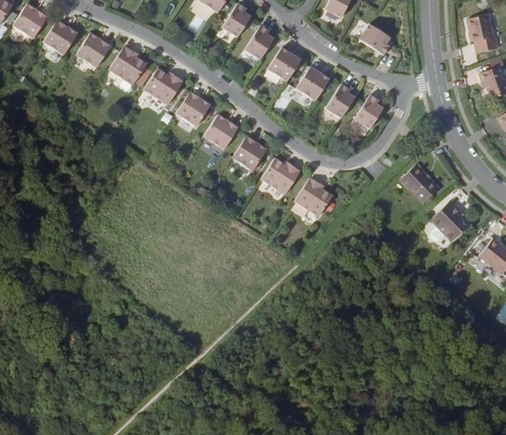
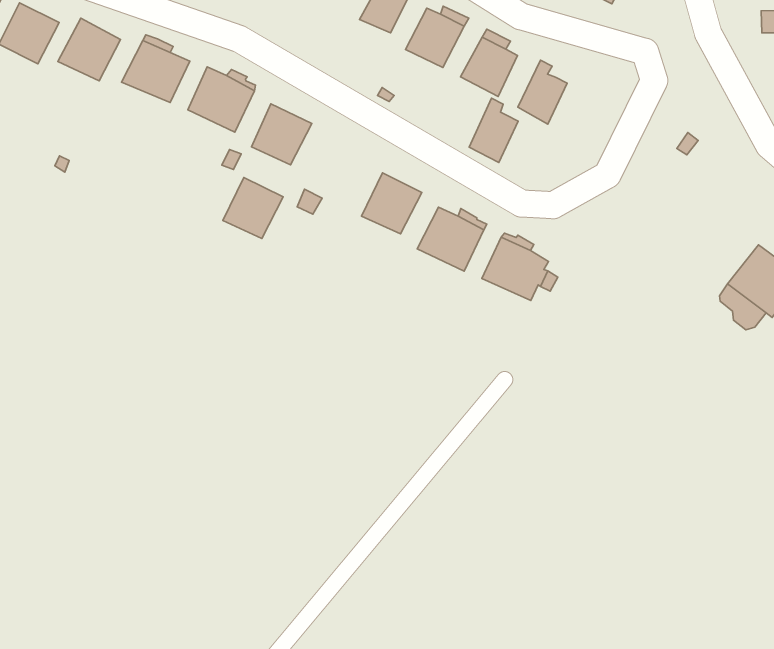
building: [354,94,383,129] -> [469,98,518,162]
building: [204,114,239,149] -> [223,177,283,238]
building: [400,161,439,202] -> none

